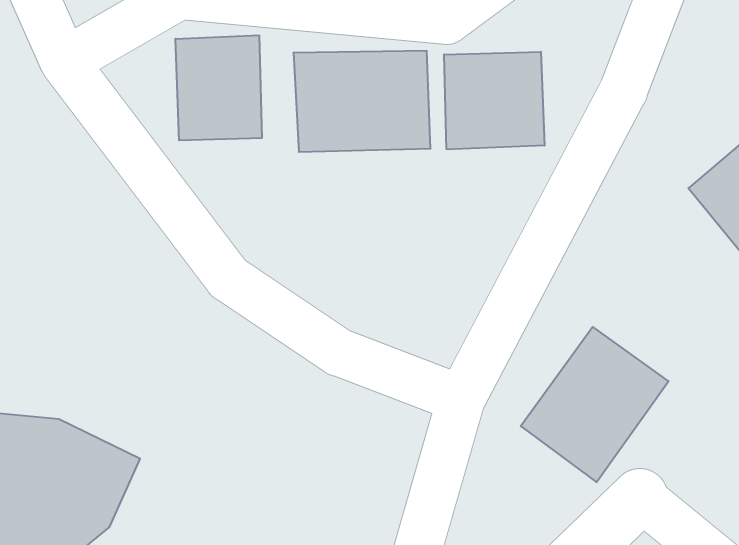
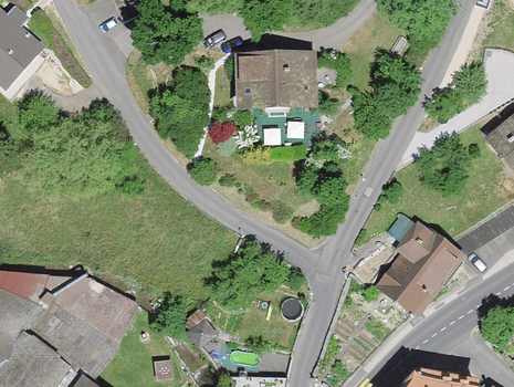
building: [175,35,262,140] -> none
building: [444,52,545,149] -> none

